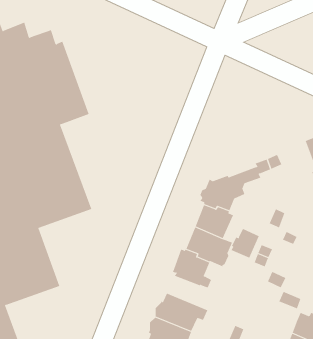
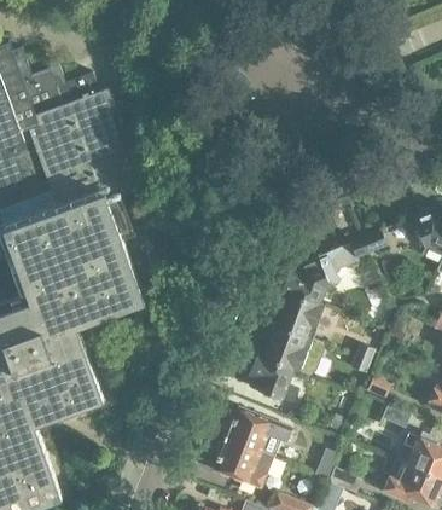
building: [231,228,259,259] -> none

